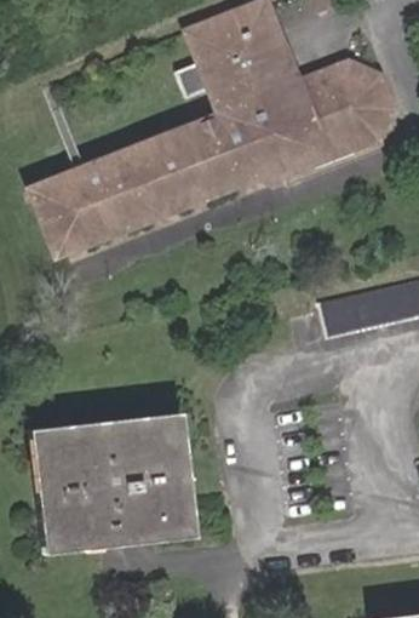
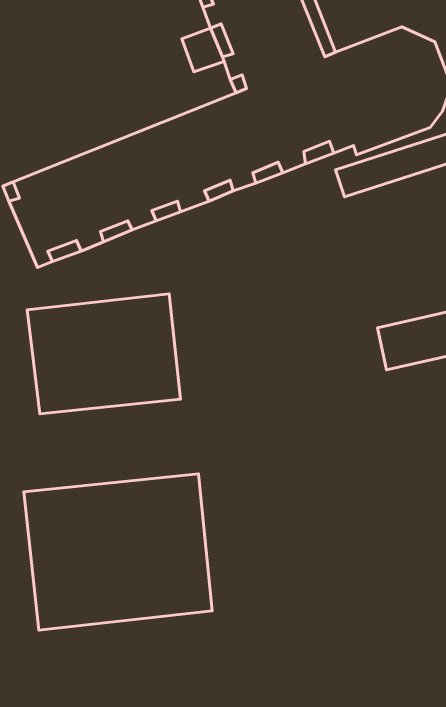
building: none -> [27,294,181,414]

